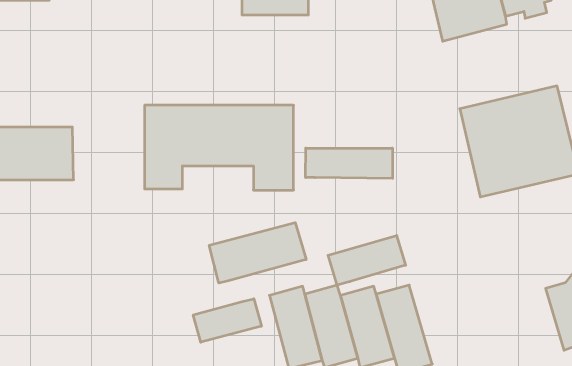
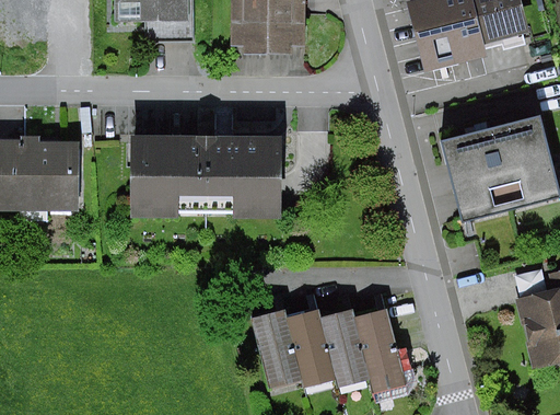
building: [306,148,393,178] -> none
building: [209,223,306,283] -> none
building: [328,235,406,285] -> none
building: [193,299,261,342] -> none

